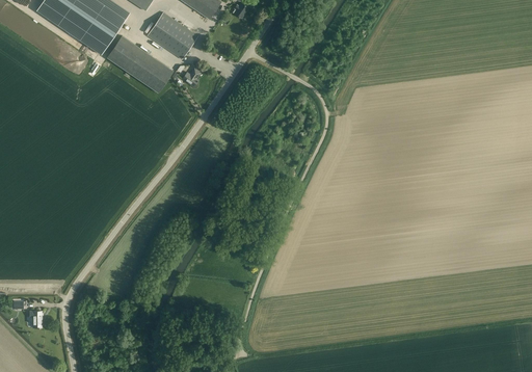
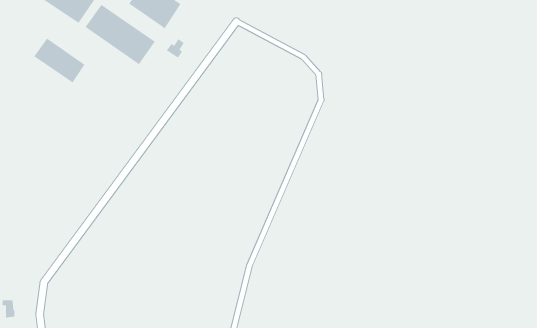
building: none -> [33,37,86,83]

